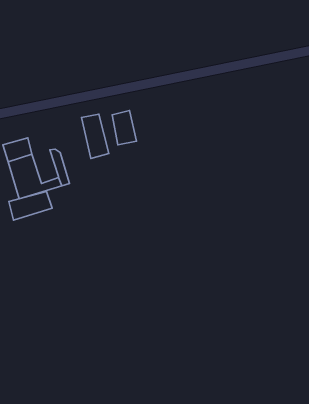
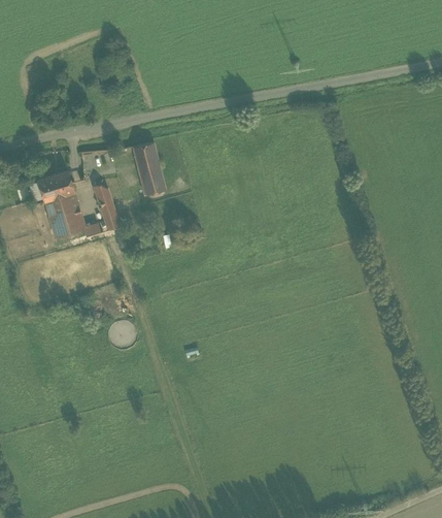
building: [112,111,136,145] -> none
building: [9,191,52,220] -> none

